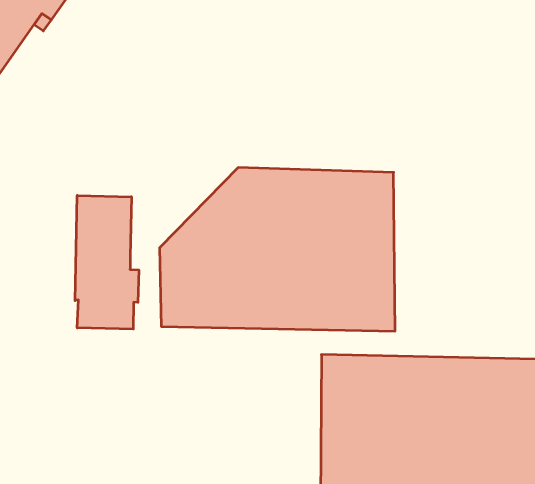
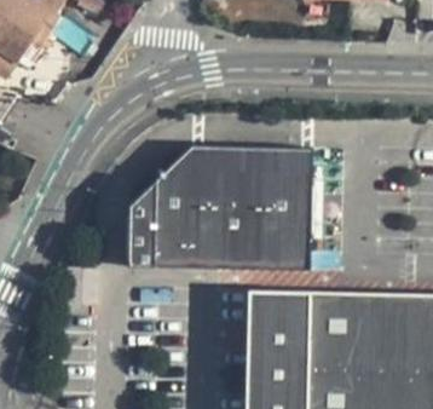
building: [75,195,139,329] -> none

